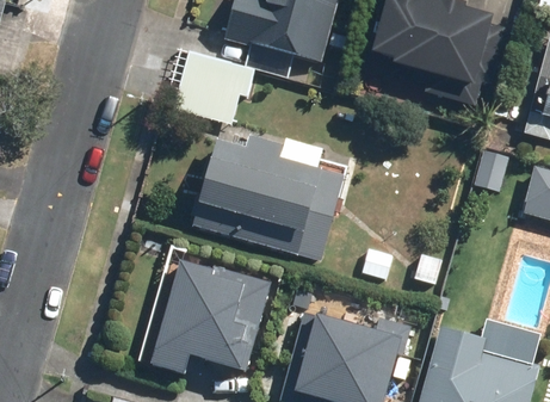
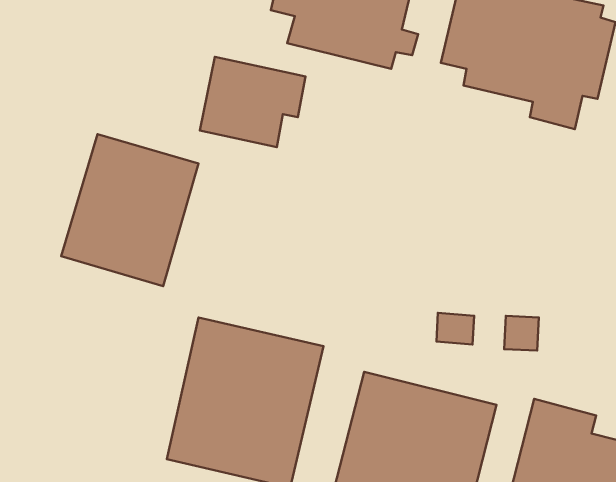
building: none -> [61,134,199,286]
building: [190,131,350,264] -> none

